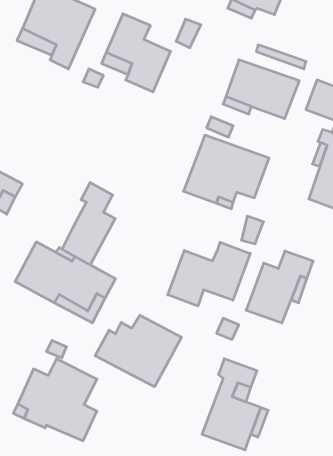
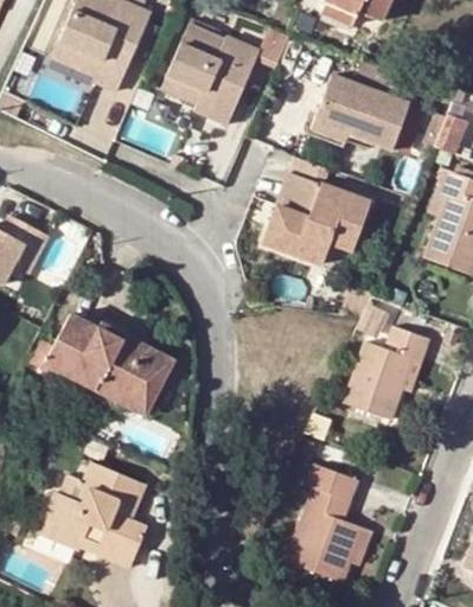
building: [62,182,115,265] -> none
building: [168,242,250,306] -> none
building: [95,315,181,387] -> none

